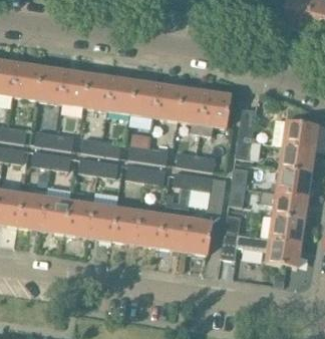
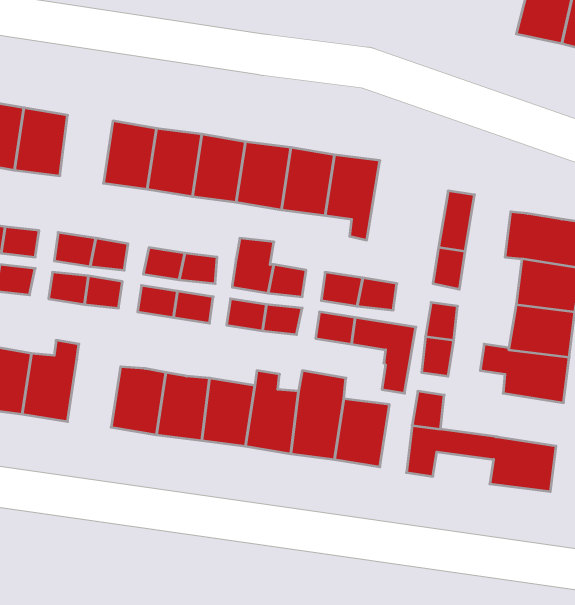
building: [37,67,65,103] -> none
building: [200,91,231,135] -> none
building: [41,197,69,233] -> none
building: [268,215,304,243] -> none

